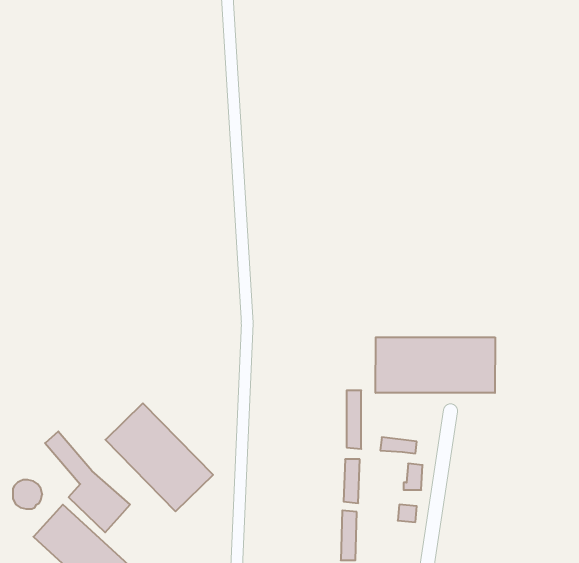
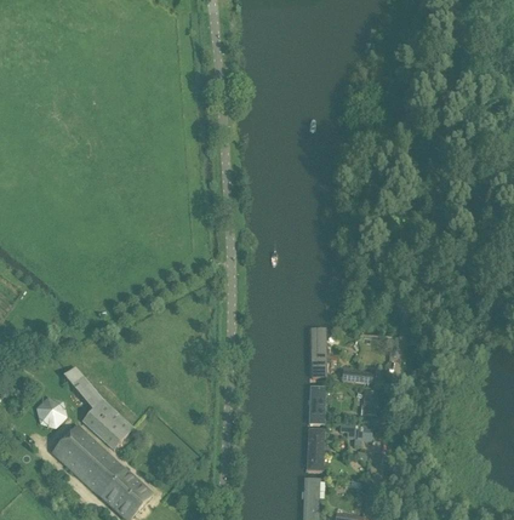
building: [376,337,495,393] -> none
building: [105,403,213,511] -> none

